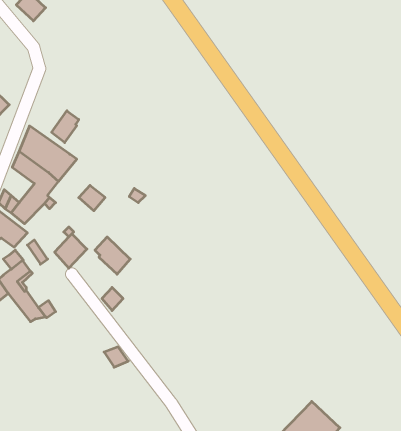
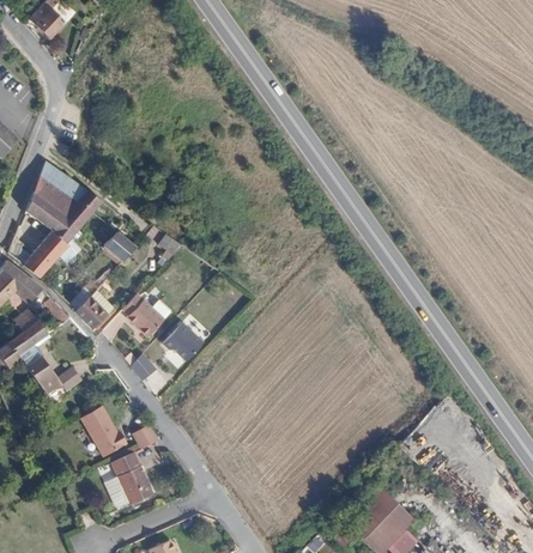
building: [52,111,79,143] -> none
building: none -> [162,321,204,361]
building: none -> [80,406,126,457]
building: none -> [109,454,153,506]

